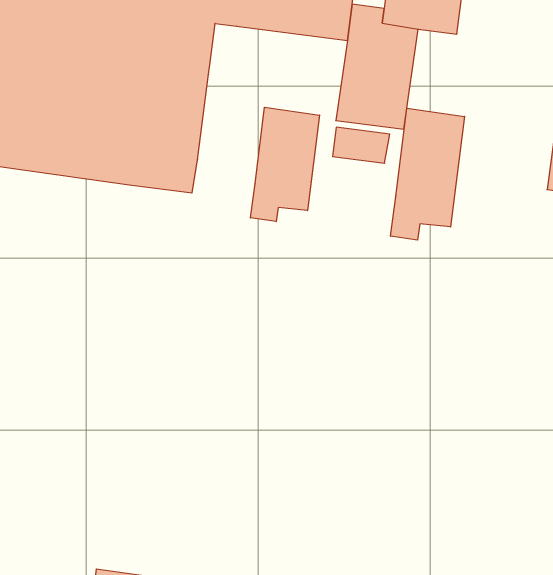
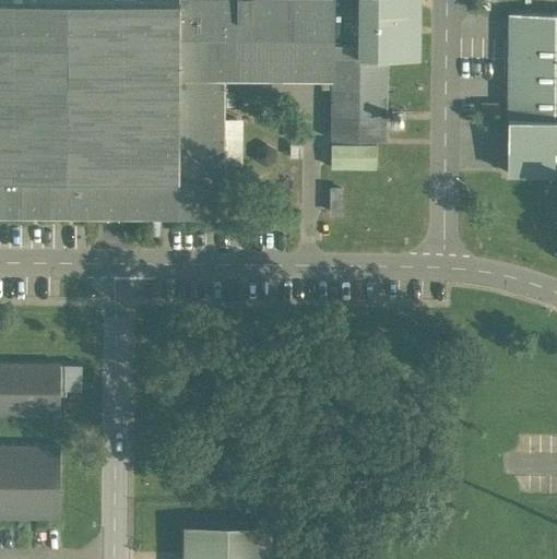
building: [250,107,320,222] -> none
building: [391,108,465,240] -> none

